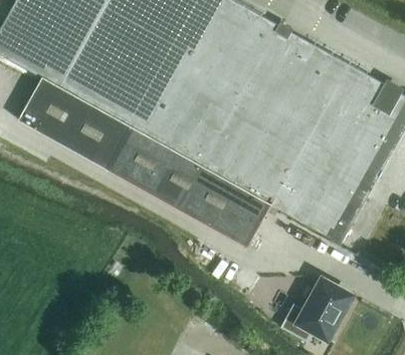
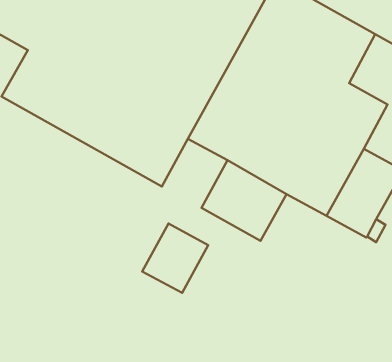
building: [160,155,218,217] -> [142,224,208,293]
building: [280,279,351,340] -> none

